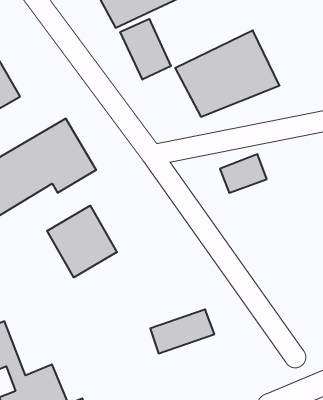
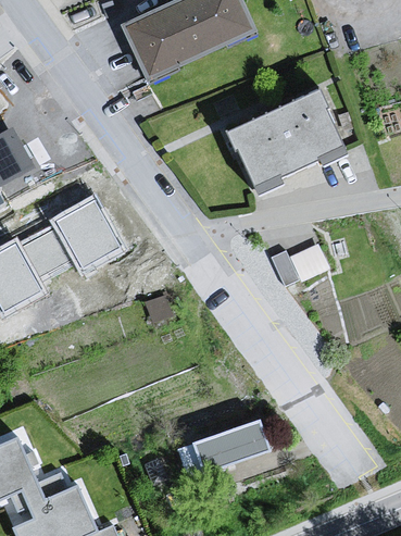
building: [120,19,171,80] -> none
building: [47,206,117,277] -> none

